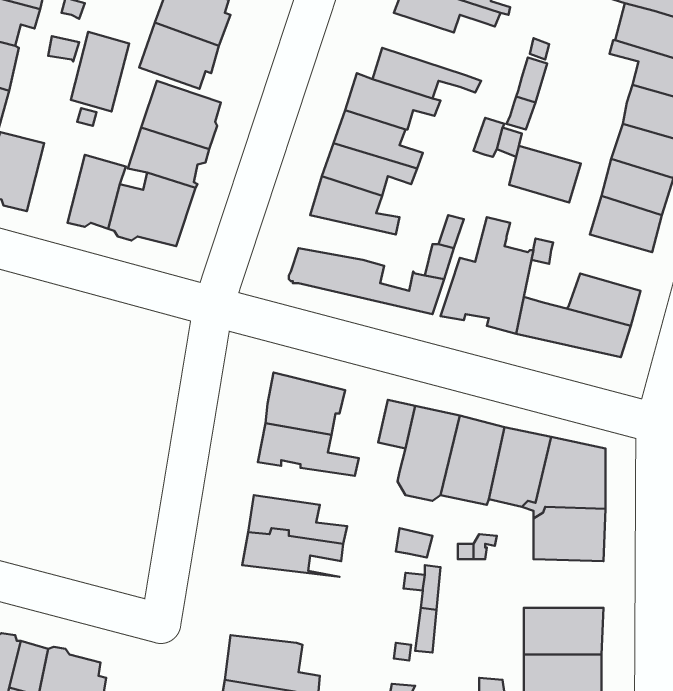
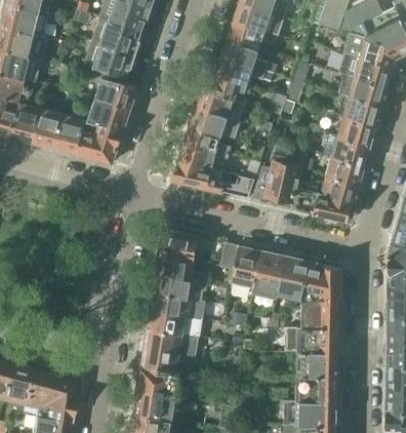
building: none -> [221,39,269,72]
building: [71,32,129,112] -> [34,108,65,150]
building: [509,146,581,202] -> [326,156,364,186]
building: none -> [177,146,229,169]
building: none -> [154,275,207,301]
building: none -> [296,326,338,353]
building: none -> [141,330,205,371]

